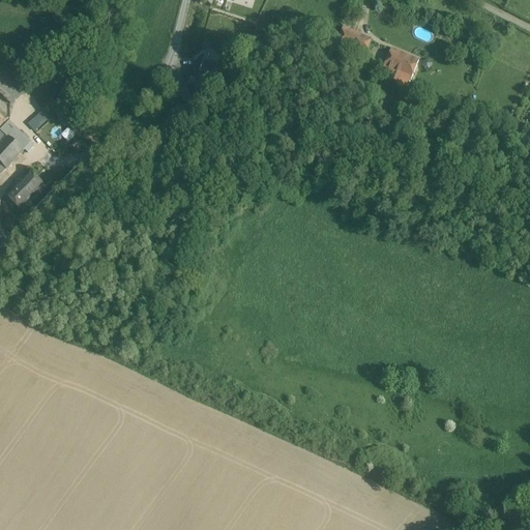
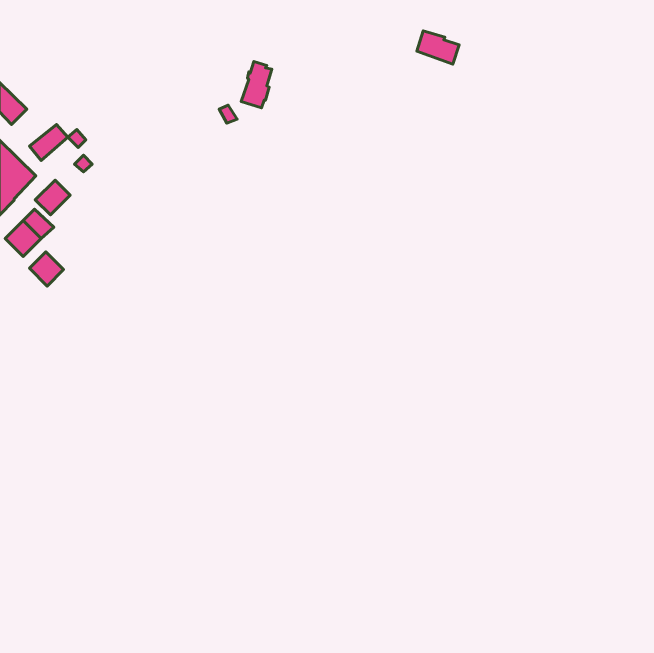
building: [382,45,418,83] -> none
building: none -> [35,180,70,215]
building: none -> [29,252,64,286]

